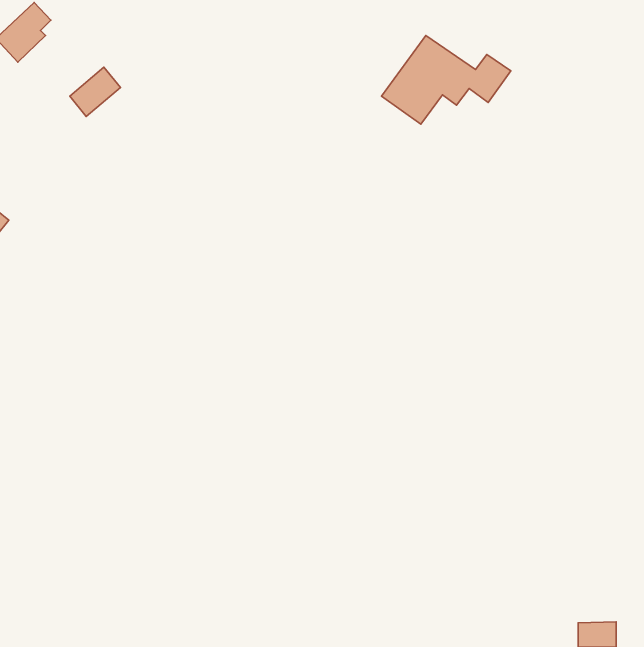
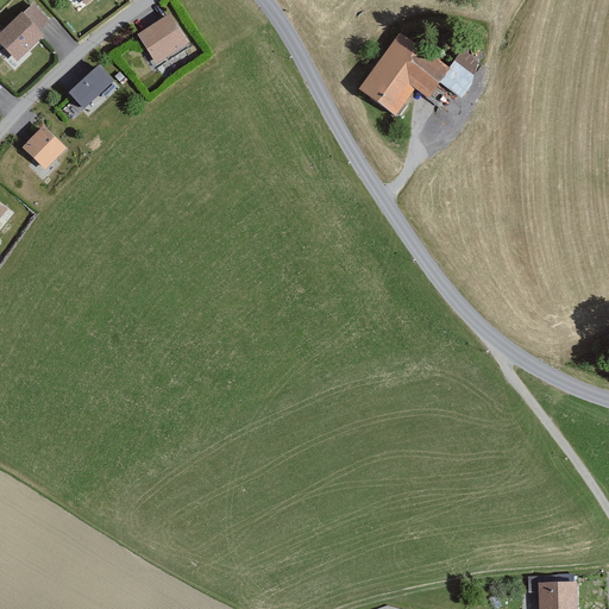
building: none -> [134,13,186,63]
building: none -> [20,125,63,168]

